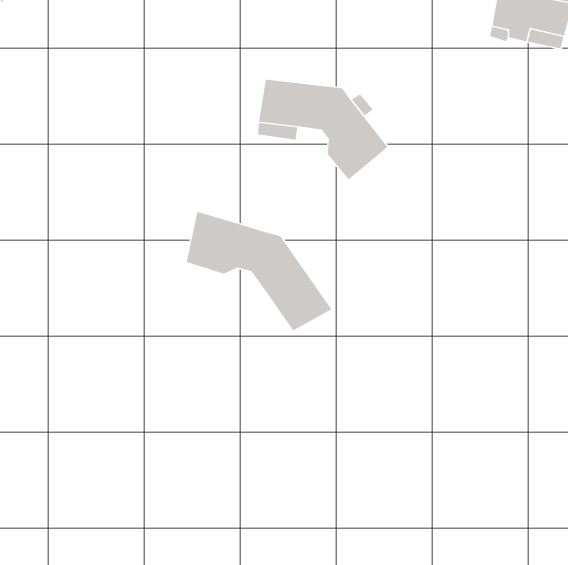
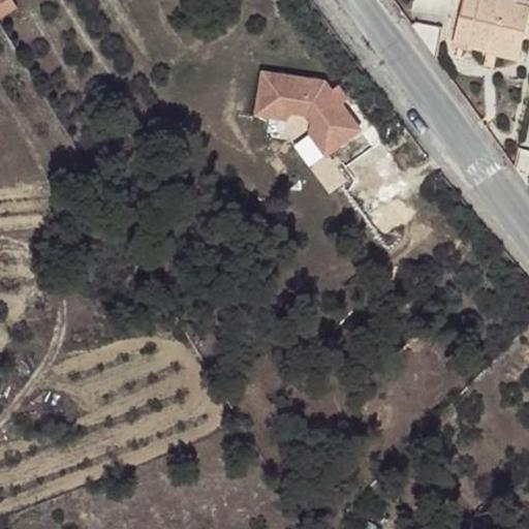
building: [186,211,332,331] -> none

